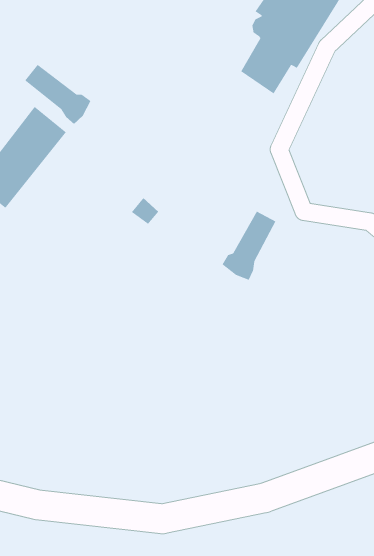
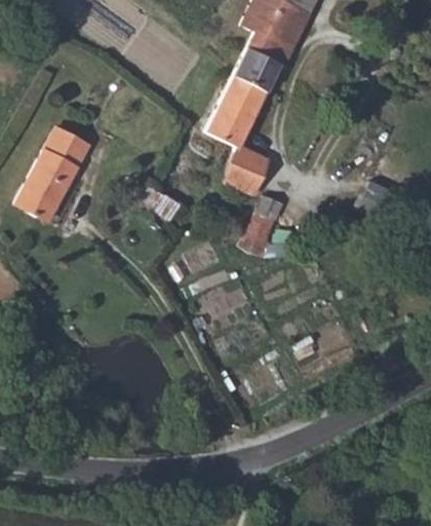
building: [24,64,91,125] -> none
building: none -> [208,76,272,192]

